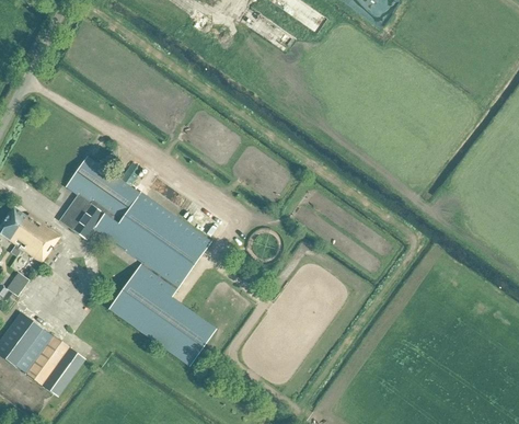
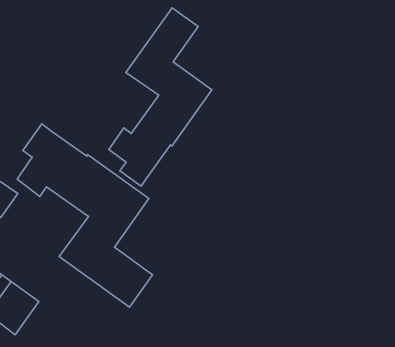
building: none -> [109,8,212,186]

